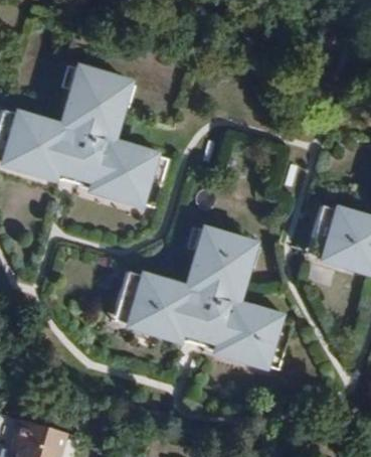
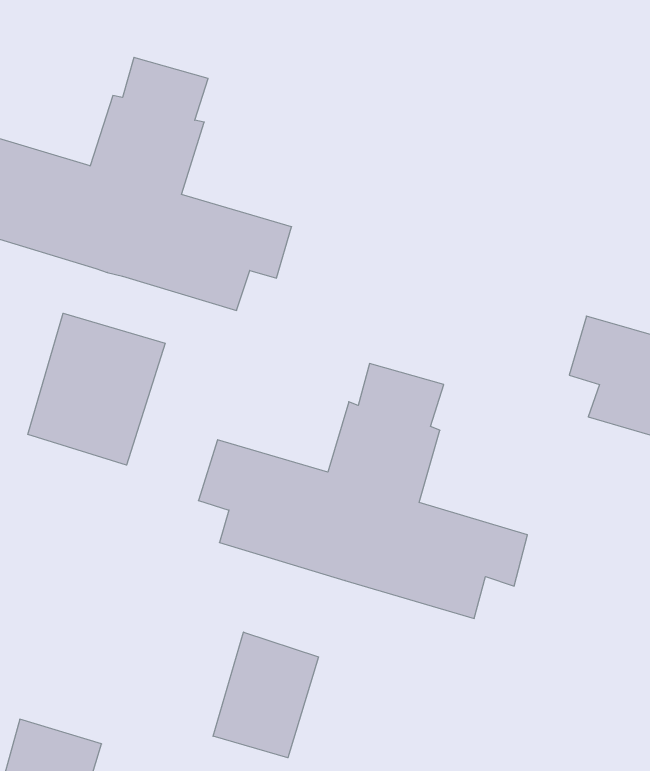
building: none -> [28,313,165,465]
building: none -> [213,632,319,758]

